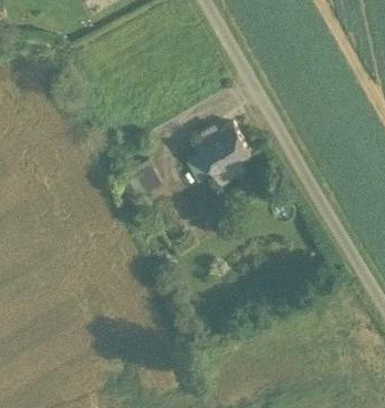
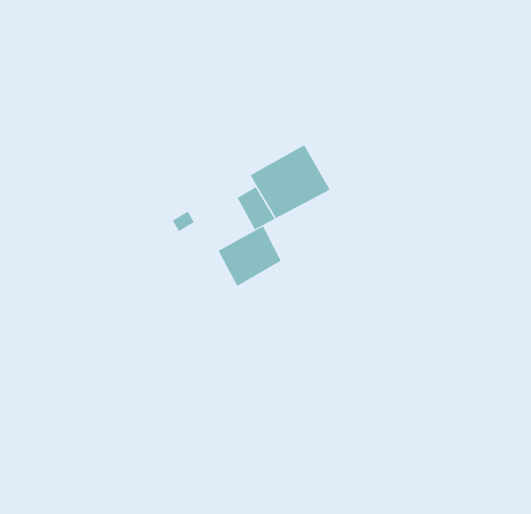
building: none -> [218,226,282,287]

